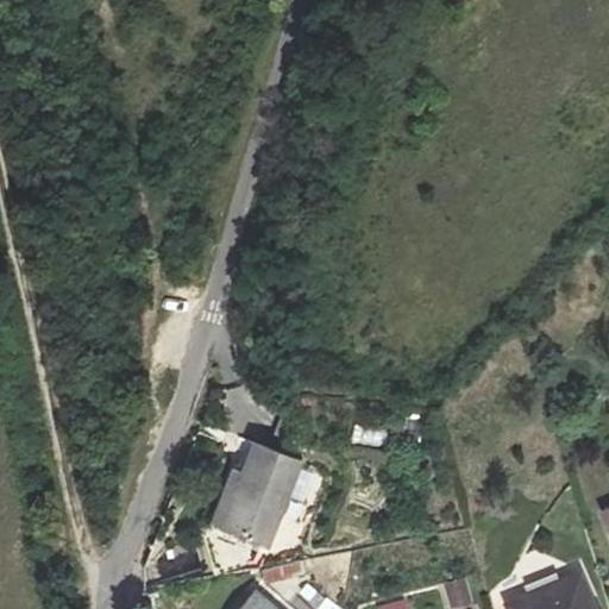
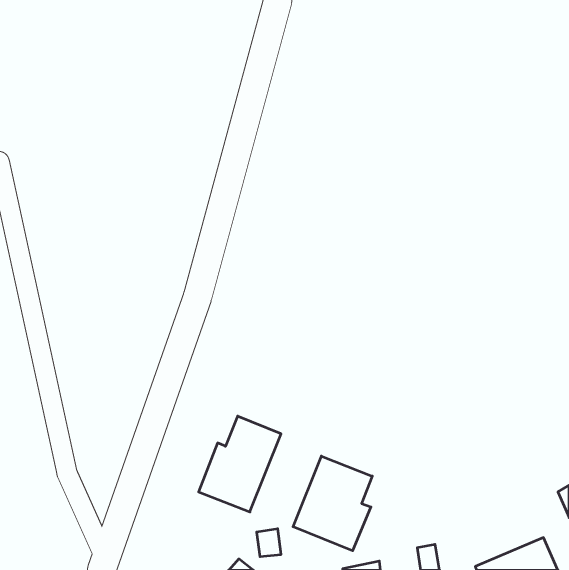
building: none -> [293,456,372,551]

